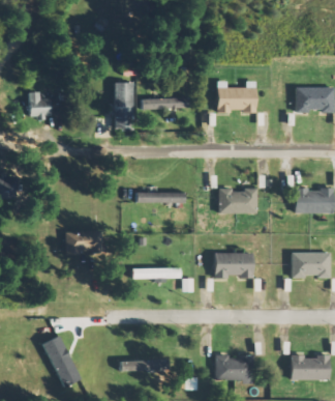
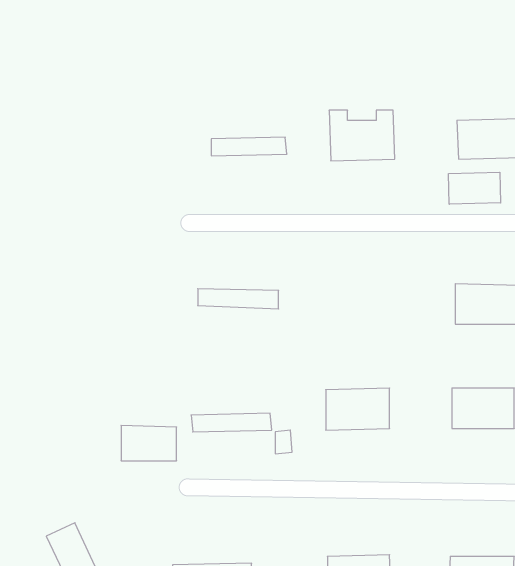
building: [115,82,133,128] -> none
building: [29,91,51,118] -> none
building: none -> [449,172,501,204]
building: [218,189,257,213] -> none
building: [66,230,100,252] -> [121,425,177,461]

